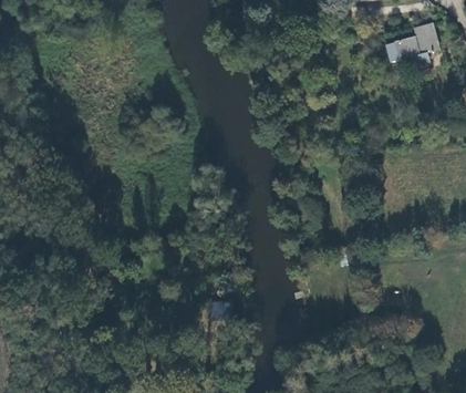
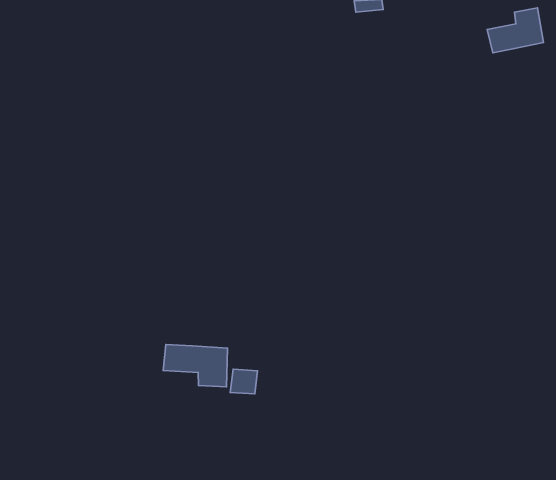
building: none -> [163,344,227,387]

